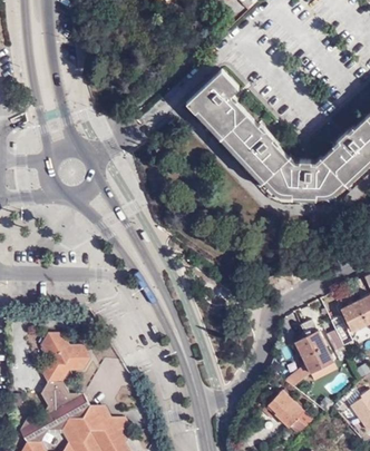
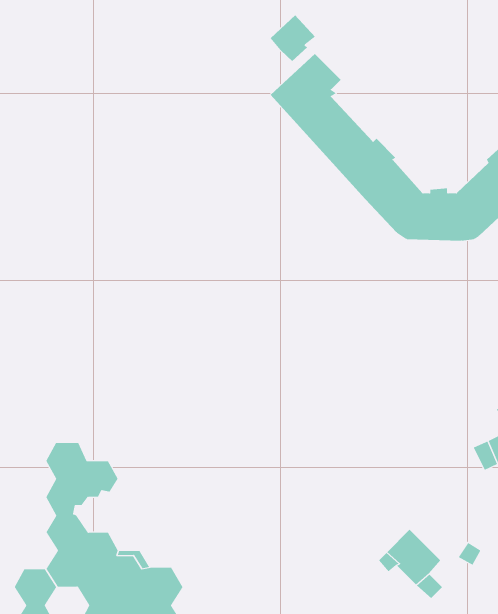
building: none -> [270,14,316,62]
building: [292,332,333,374] -> none

